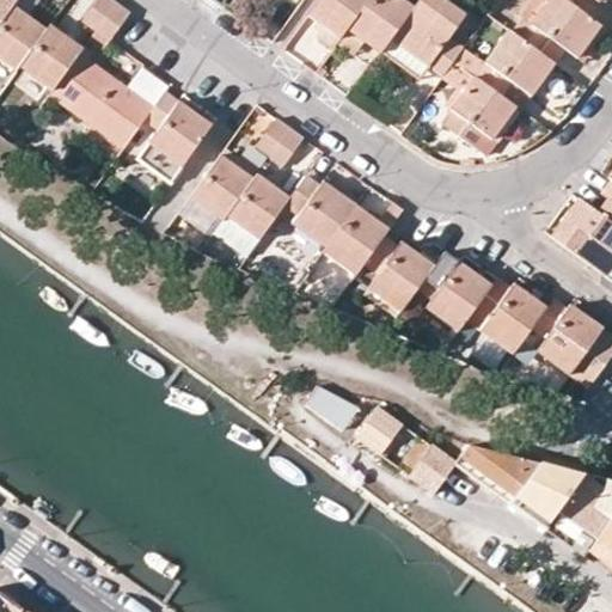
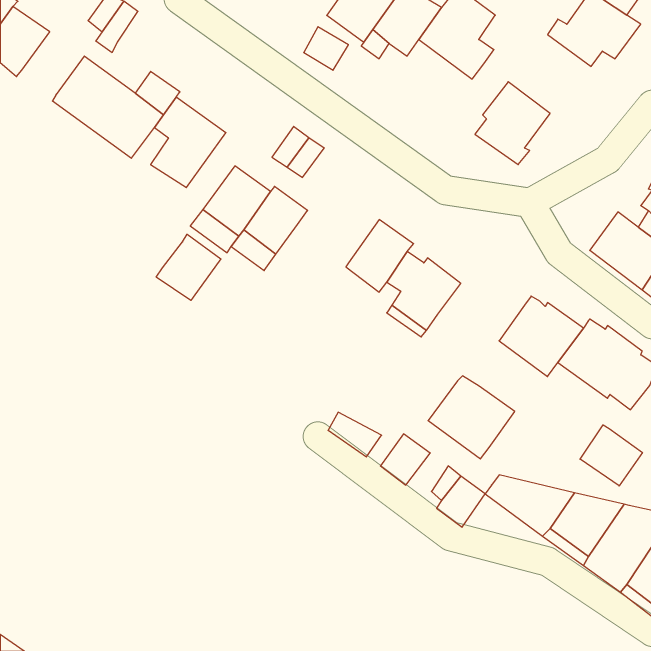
building: [22,24,84,88] -> none
building: [454,30,555,109] -> none
building: [280,176,356,246] -> none
building: none -> [156,234,221,300]
building: [411,252,492,330] -> [428,376,515,459]
building: none -> [580,425,642,486]

